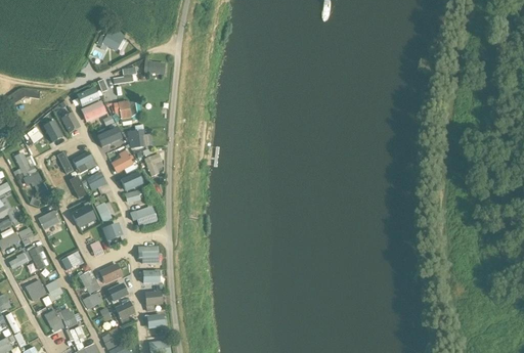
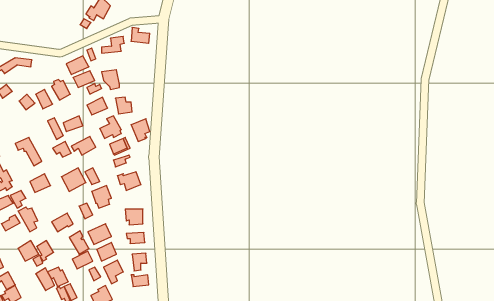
building: [12,151,37,180] -> none

